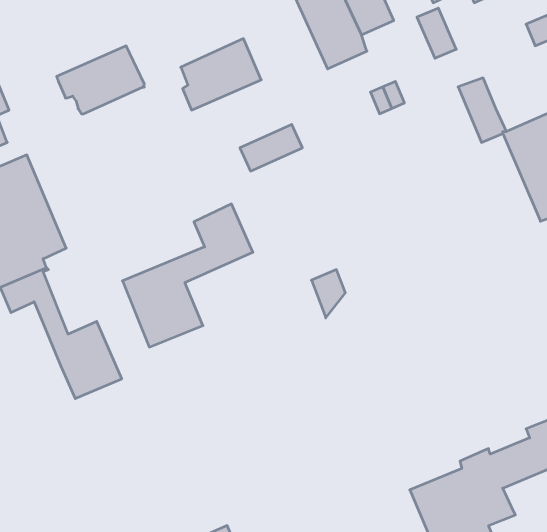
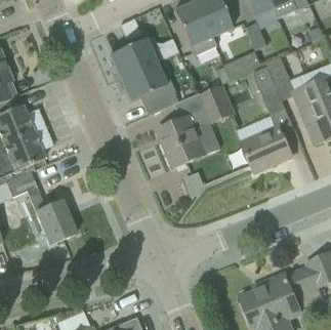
building: [57,46,144,114] -> [115,61,165,100]
building: none -> [252,64,285,113]
building: none -> [241,125,291,170]
building: [122,204,253,347] -> [158,84,233,166]

